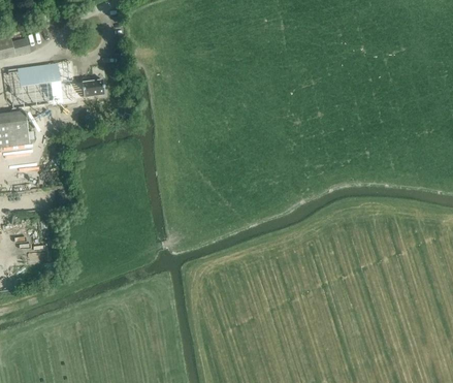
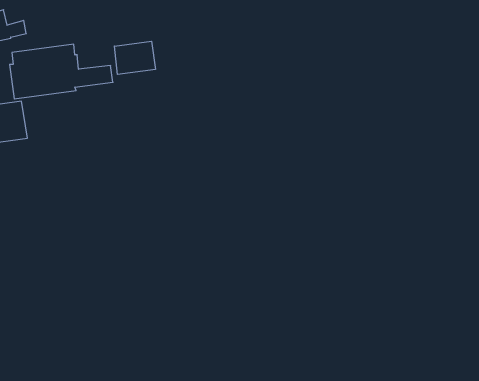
building: none -> [114,41,155,74]

